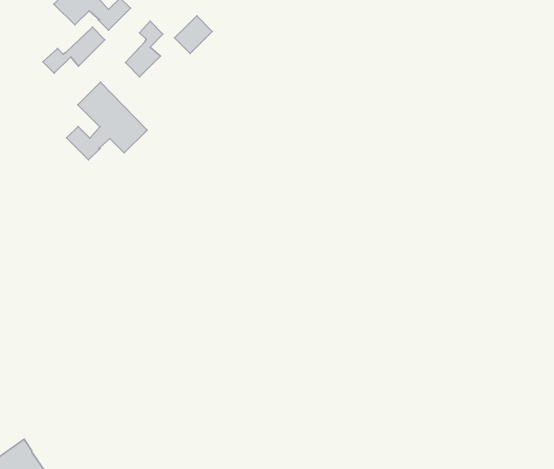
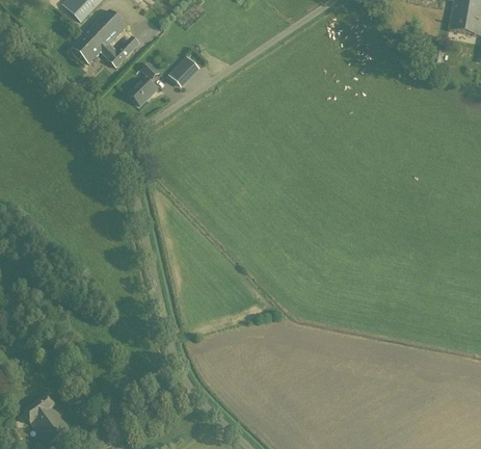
building: [43,27,105,73] -> none
building: [67,82,147,160] -> none

